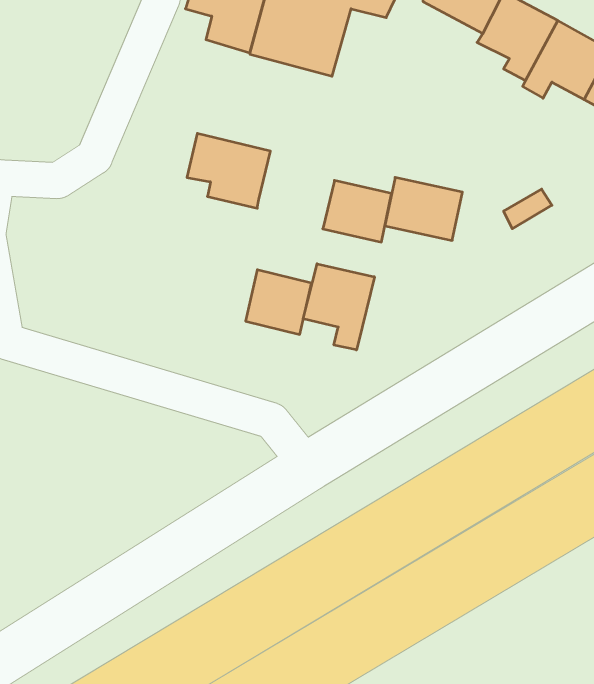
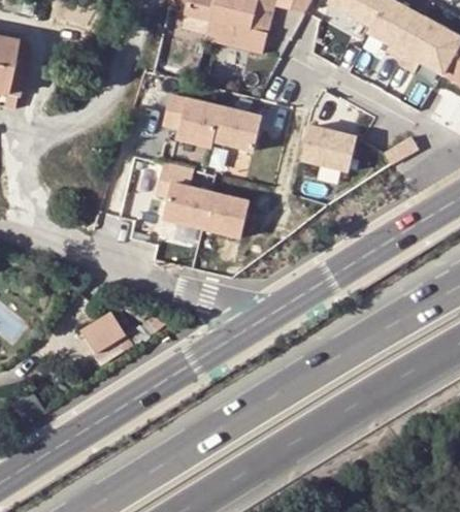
building: [323,180,392,242] -> [211,106,260,150]
building: none -> [162,181,210,226]
building: [303,264,374,350] -> none
building: none -> [78,316,123,357]

